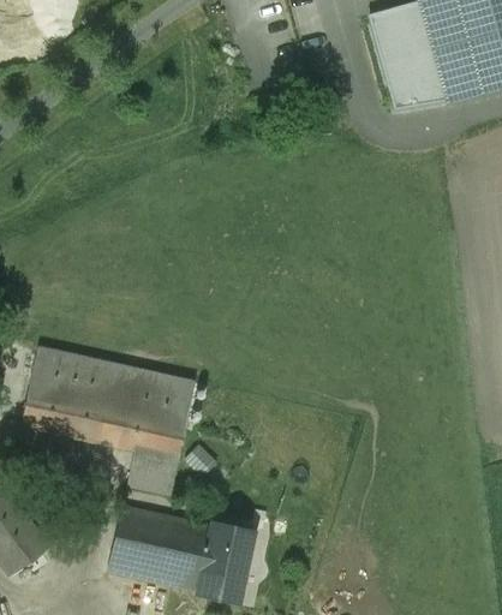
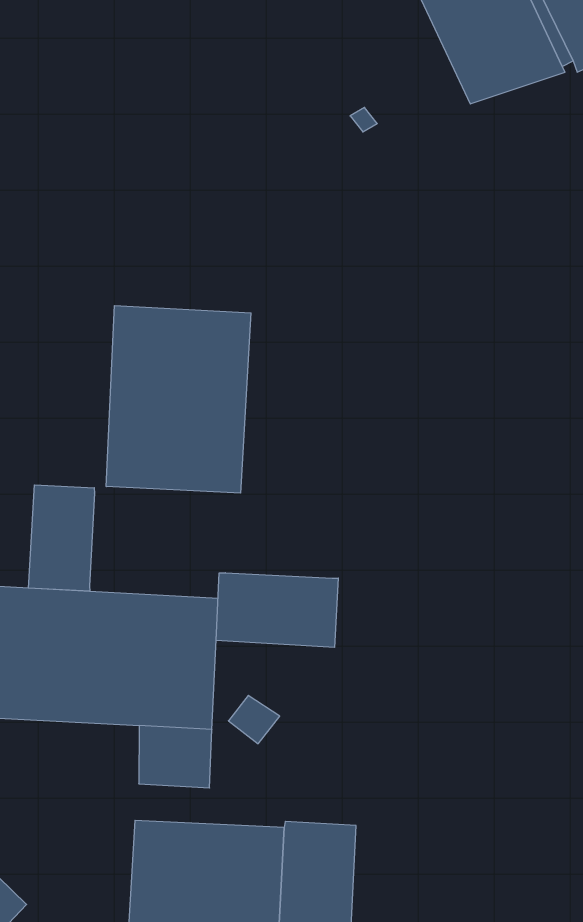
building: none -> [106,306,251,493]
building: none -> [28,485,94,591]
building: none -> [216,573,338,647]

